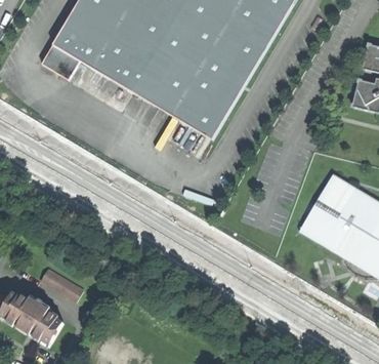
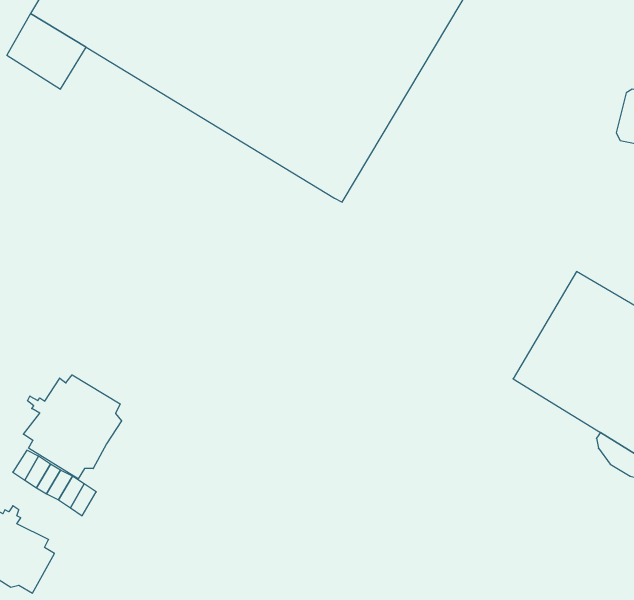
building: none -> [23,375,122,479]

